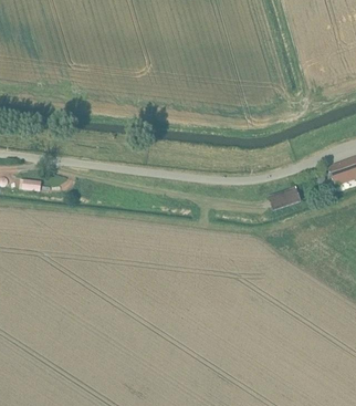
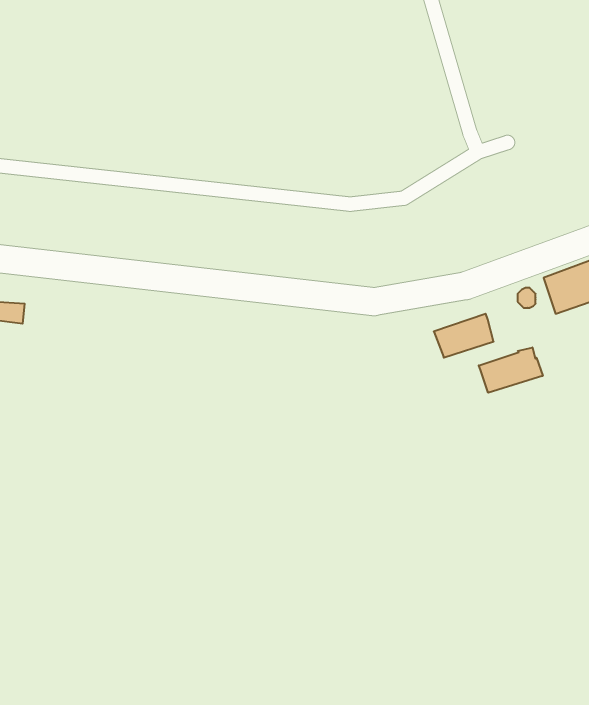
building: none -> [479,347,543,393]

